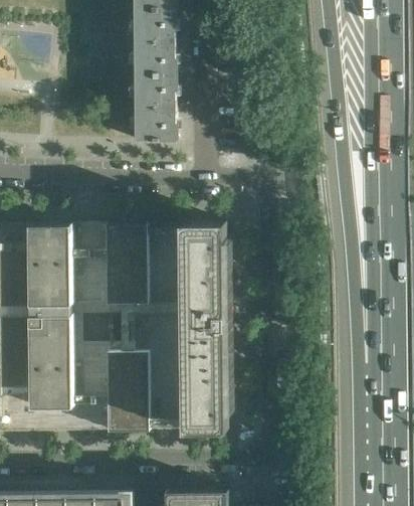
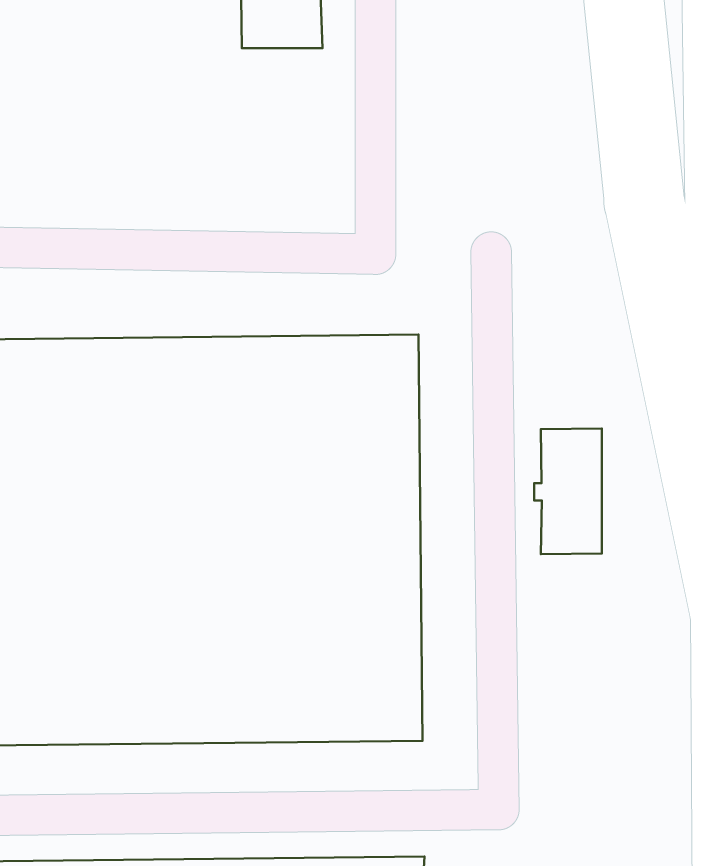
building: [133,75,178,142] -> none
building: none -> [534,429,602,554]

